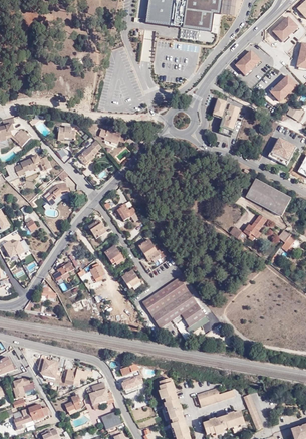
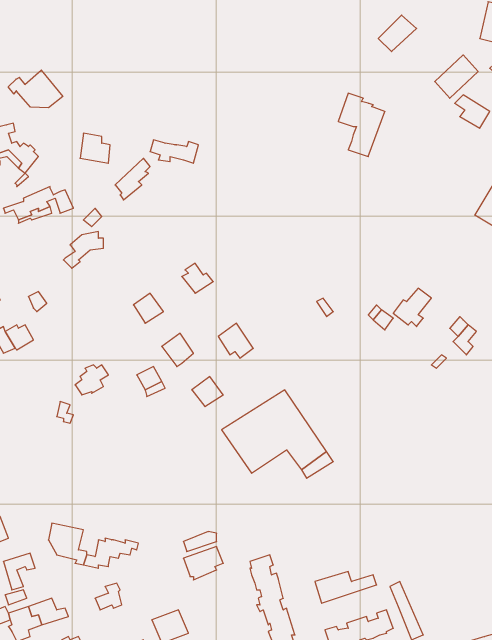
building: none -> [8,70,63,108]
building: [268,139,296,167] -> none
building: [243,177,289,215] -> none
building: [87,379,113,405] -> none

